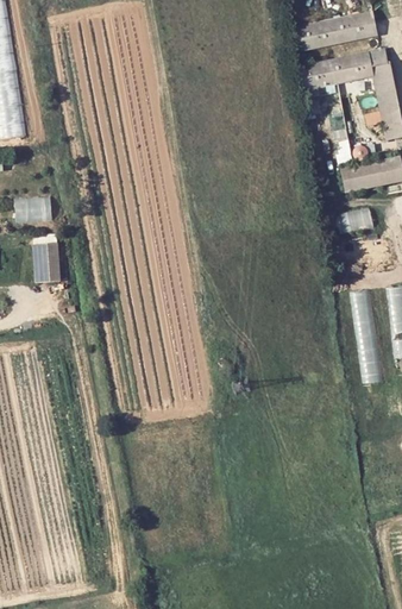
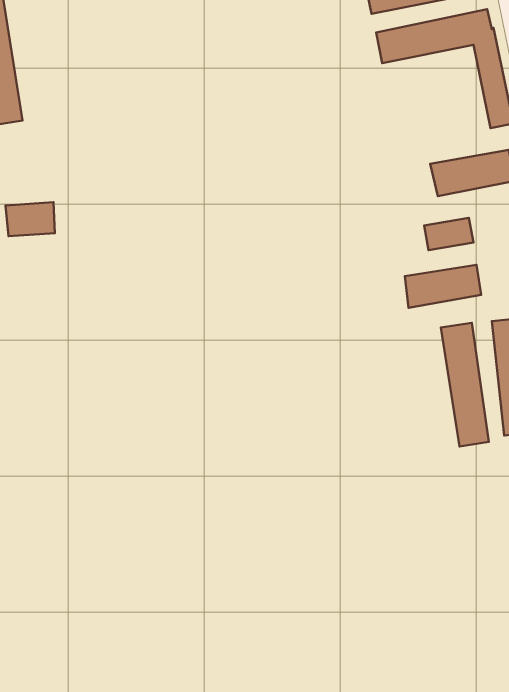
building: [31,241,61,282] -> none
building: none -> [405,265,481,308]

